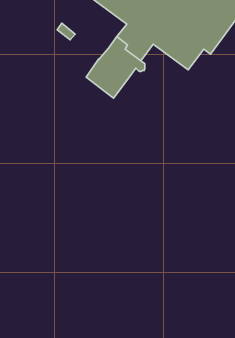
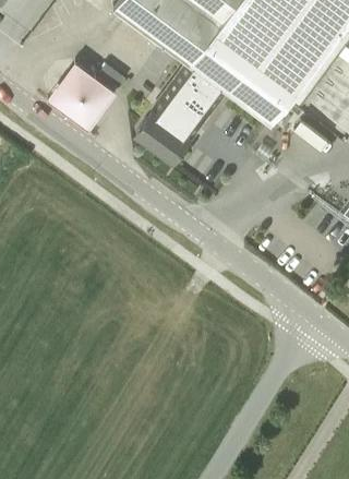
building: none -> [49,60,117,127]

